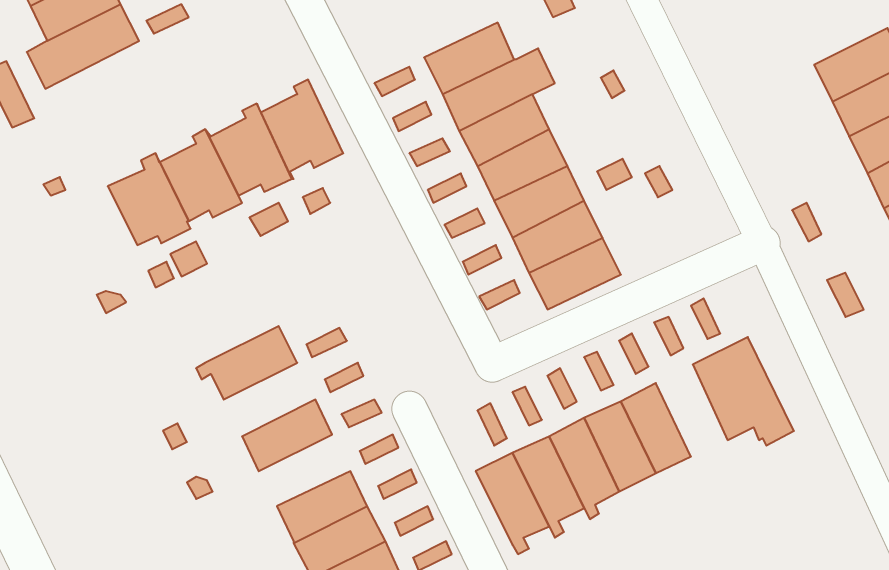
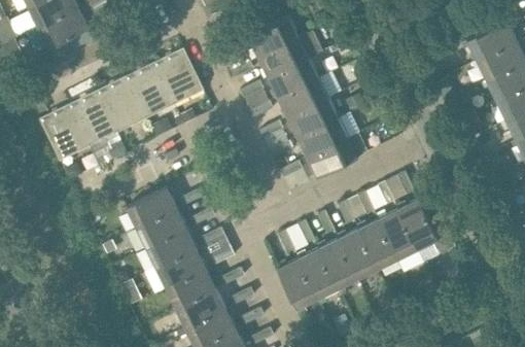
building: none -> [38,104,89,161]
building: none -> [135,207,186,248]
building: none -> [377,208,417,259]
building: none -> [154,247,206,287]

